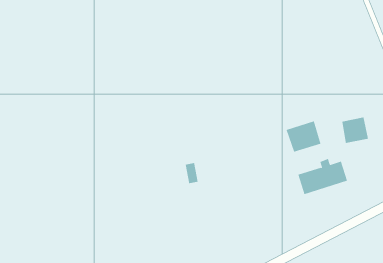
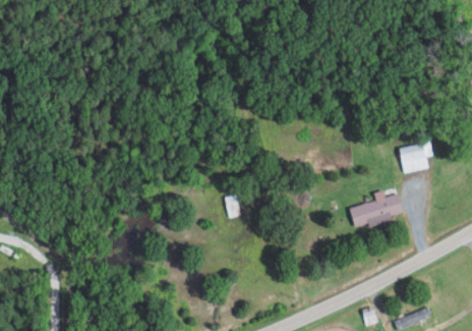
building: [286,120,321,153] -> none

